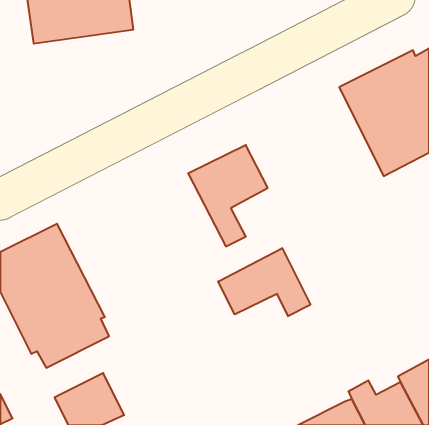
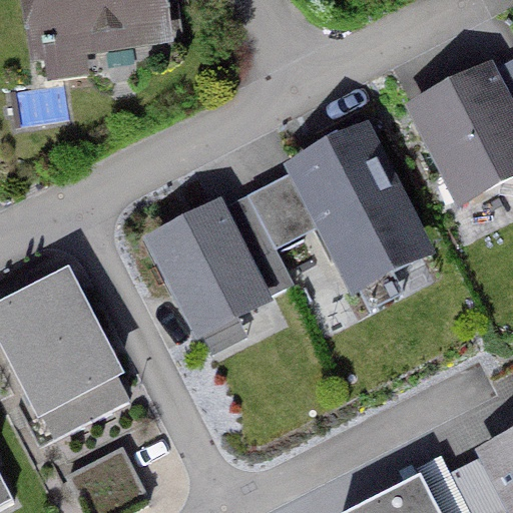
building: none -> [294,138,419,283]
building: none -> [158,207,270,331]
building: [218,248,310,316] -> none

